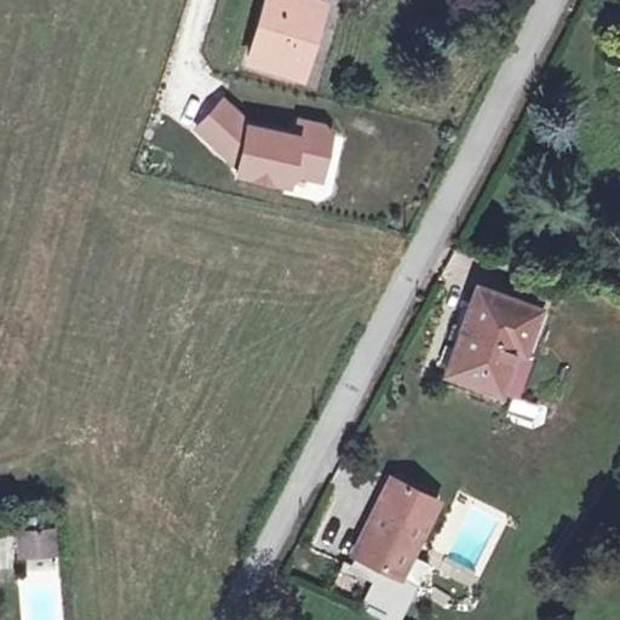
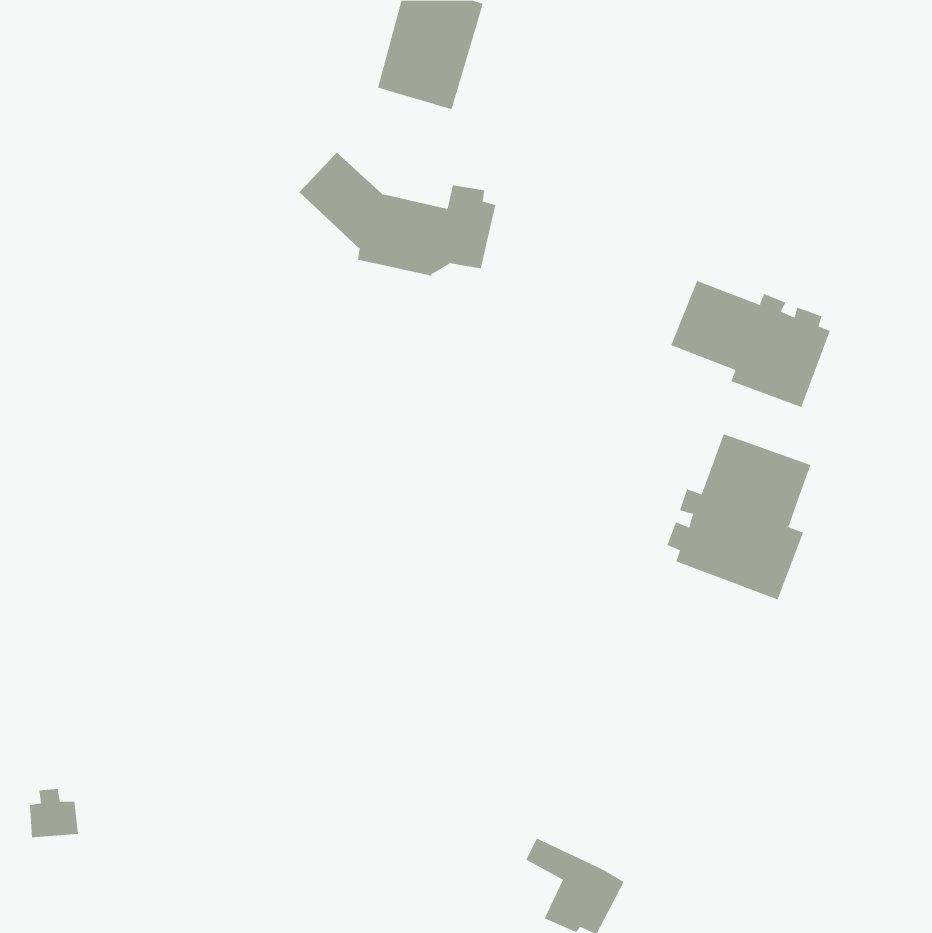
building: none -> [671,280,830,408]
building: [357,480,438,576] -> none

